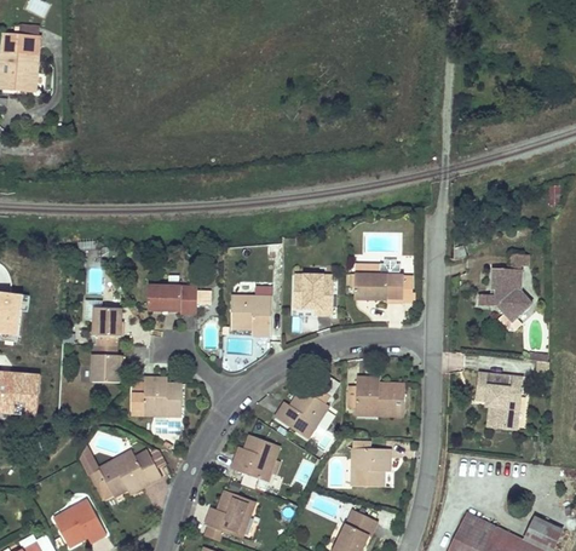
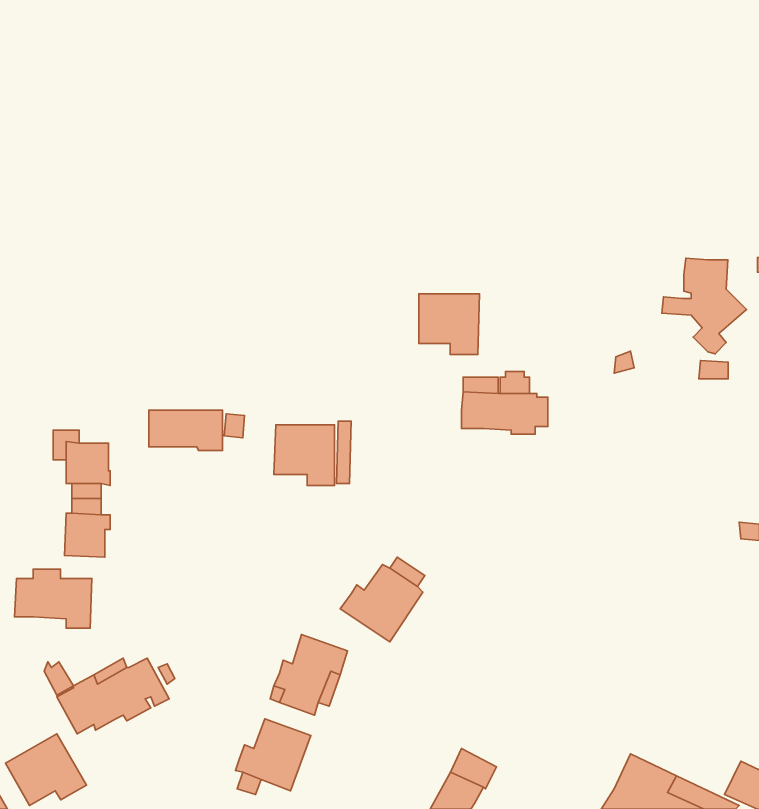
building: [479,268,535,331] -> [662,258,746,354]
building: [293,276,333,316] -> [419,294,480,354]
building: [479,374,523,429] -> none
building: [131,378,182,417] -> [15,569,92,628]
building: [356,379,404,415] -> none
building: [351,442,390,487] -> none

